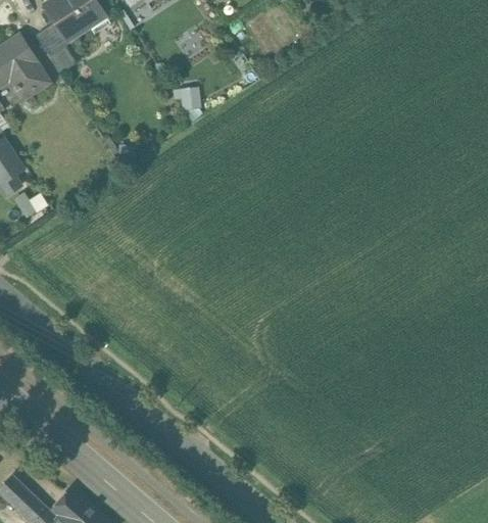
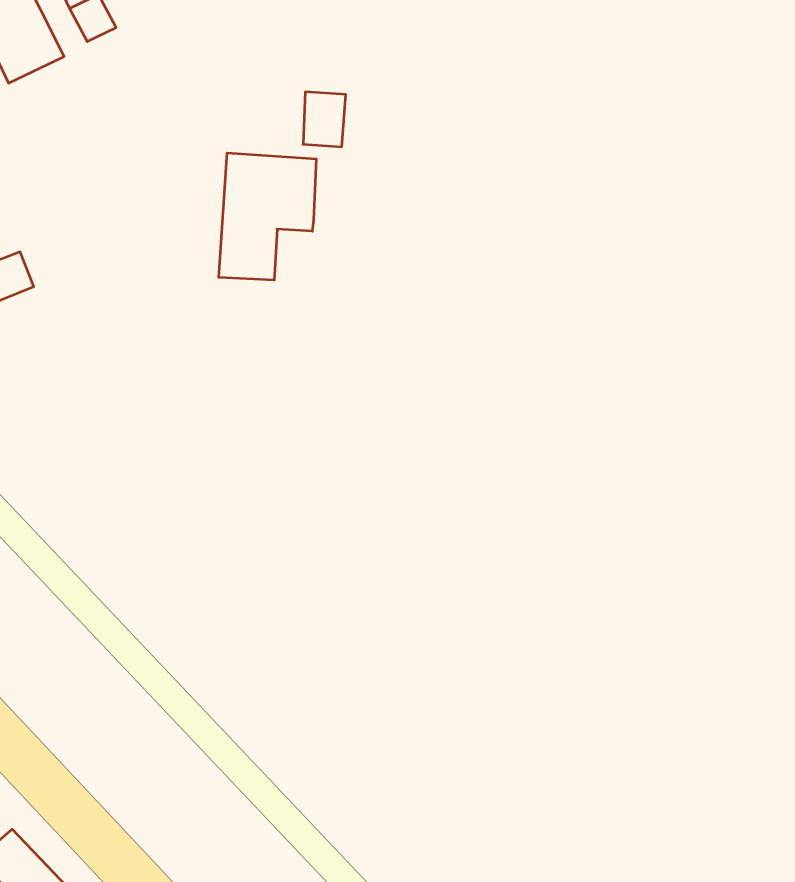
building: none -> [219,153,316,280]

